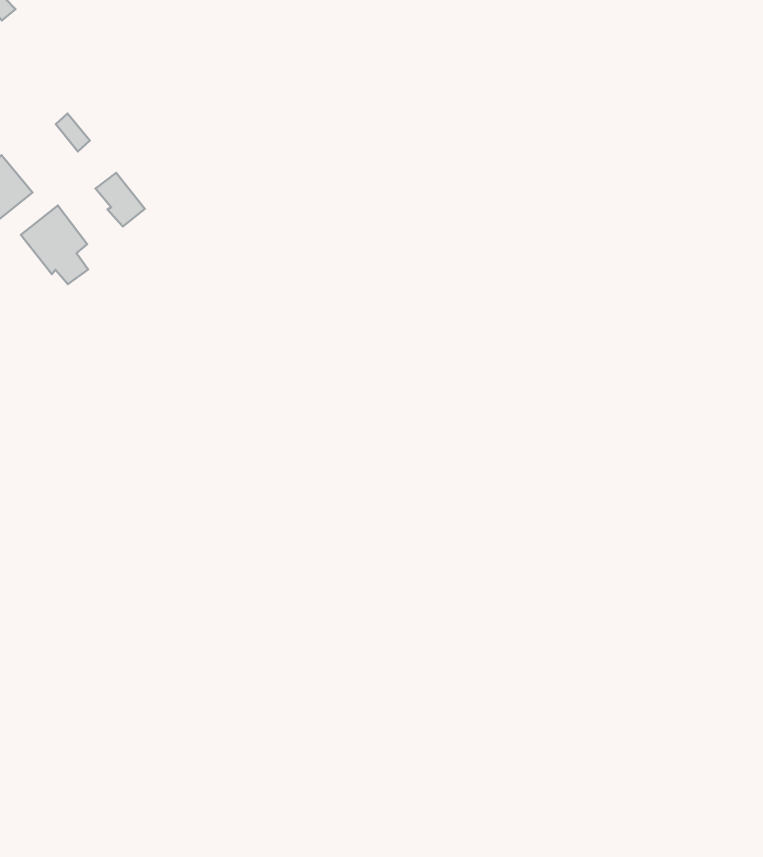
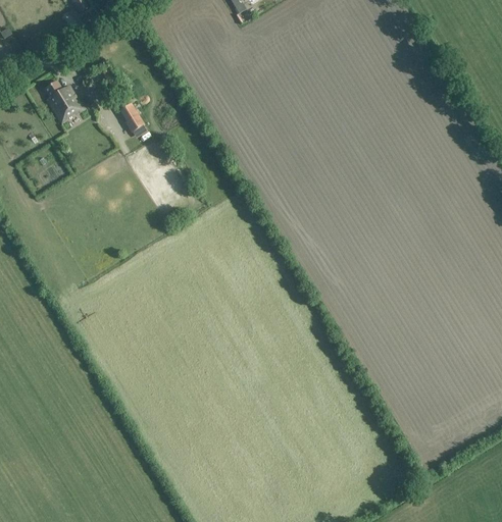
building: [21,205,88,284] -> none

